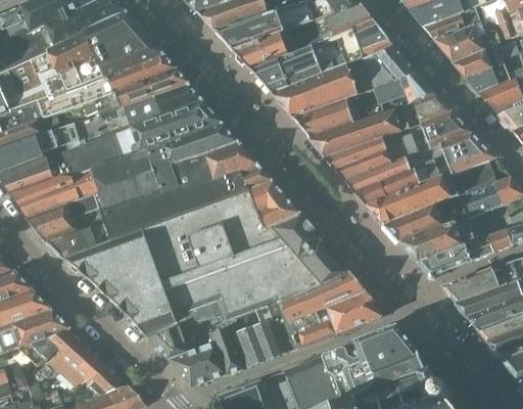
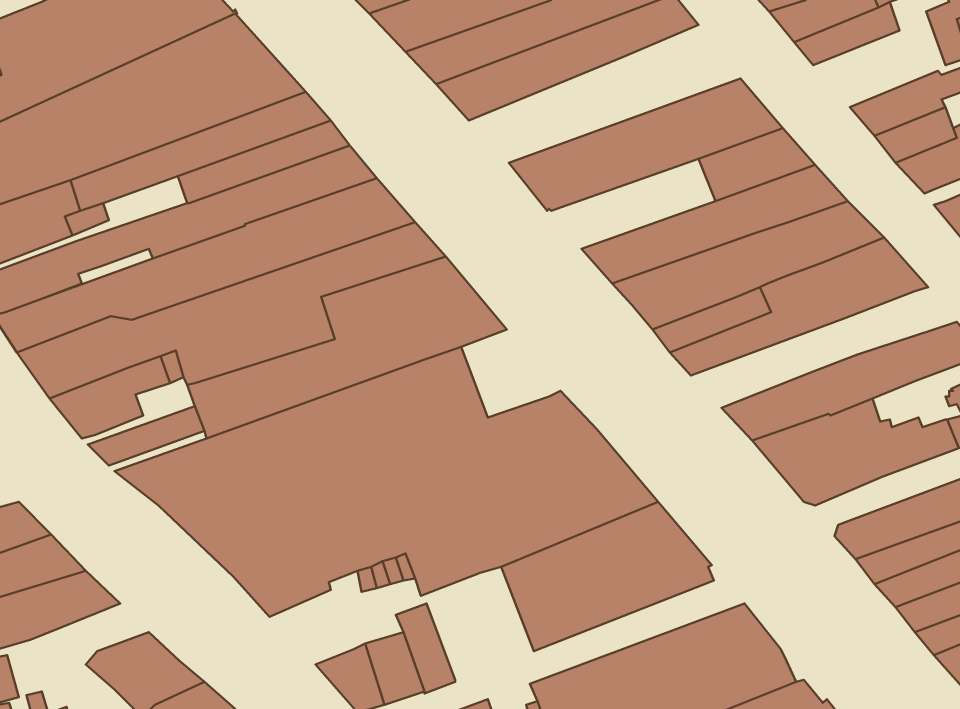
building: [250,18,395,92] -> none
building: [434,21,501,62] -> none
building: [294,90,382,138] -> none
building: [369,161,498,223] -> none
building: [246,181,299,228] -> none
building: [235,308,285,367] -> none
building: [147,324,189,360] -> none
building: [16,327,80,363] -> none

